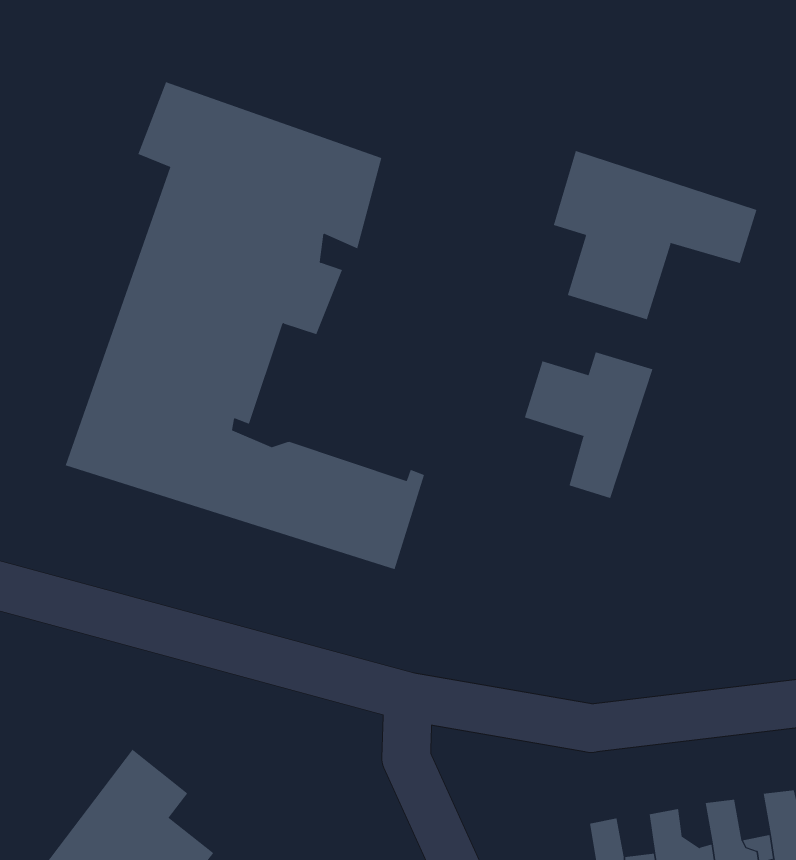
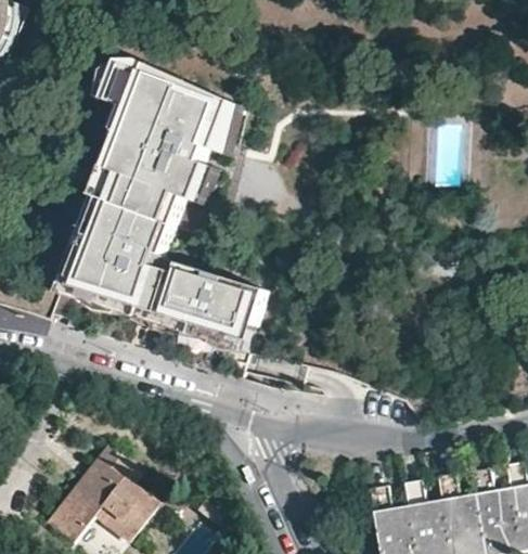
building: [553,150,757,320] -> none
building: [524,352,653,499] -> none

